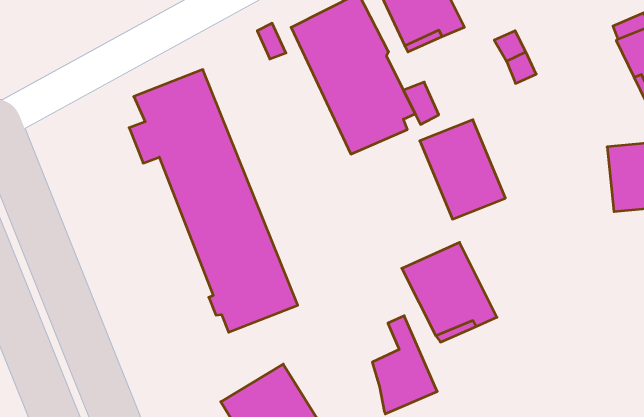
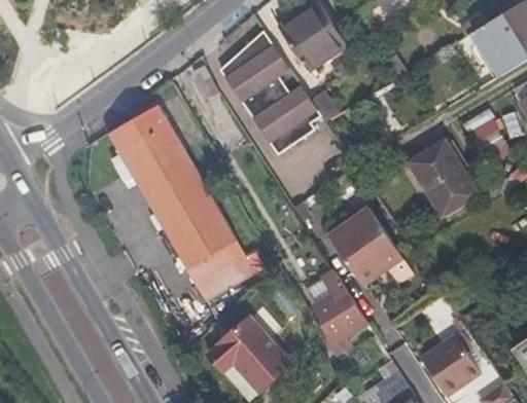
building: [420,120,505,219] -> [408,141,478,217]

